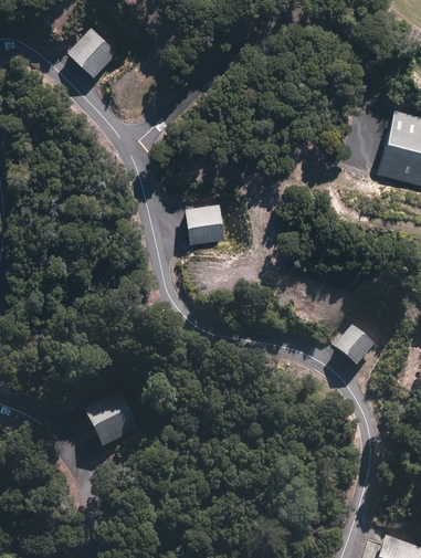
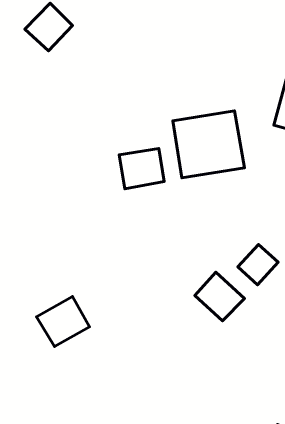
building: none -> [173,111,245,178]
building: none -> [195,272,244,321]

